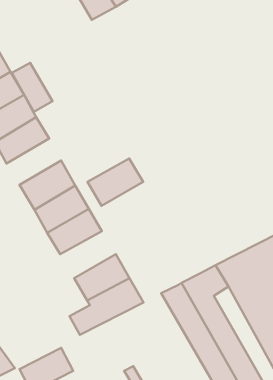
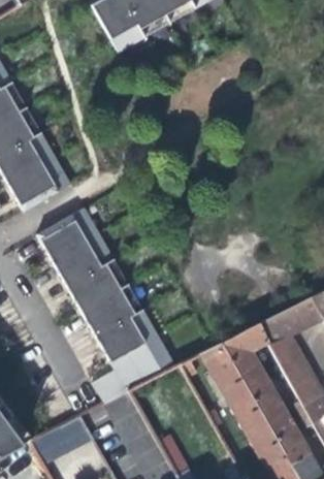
building: [12,63,53,112] -> none
building: [88,159,143,206] -> [84,286,145,339]

